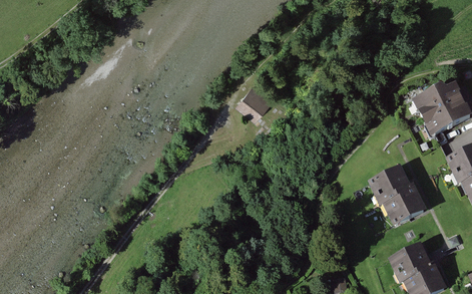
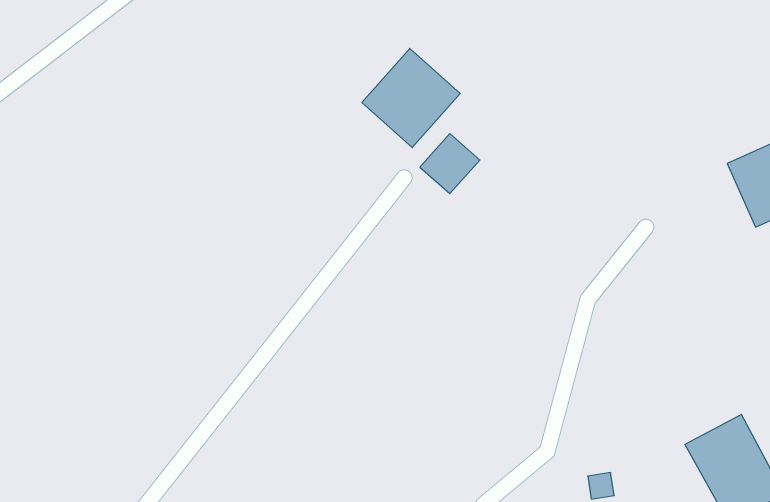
building: none -> [362,48,460,148]
building: [371,168,425,229] -> none

